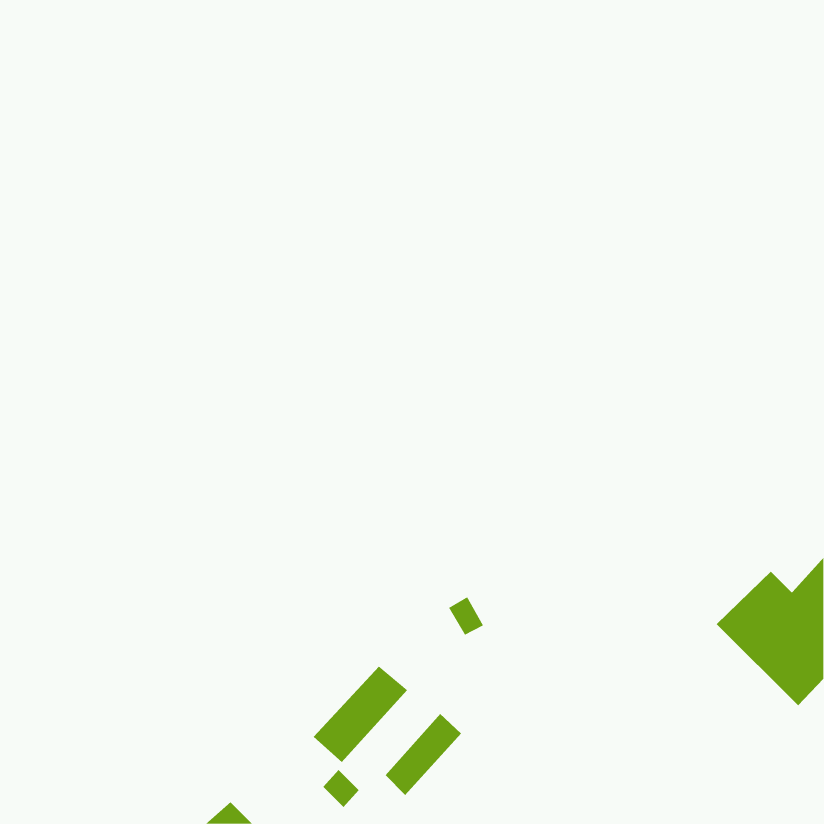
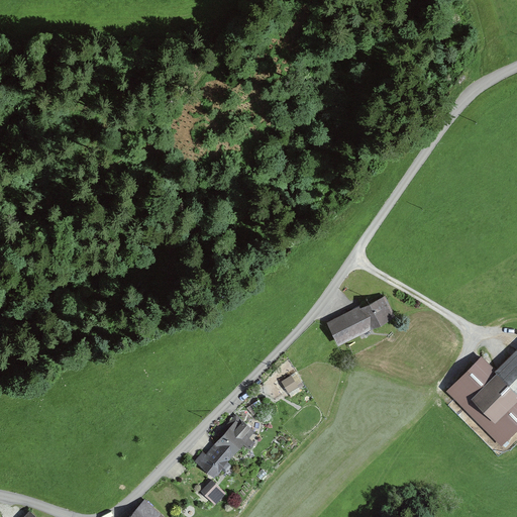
building: none -> [328,295,397,344]
building: [385,713,462,796] -> none

